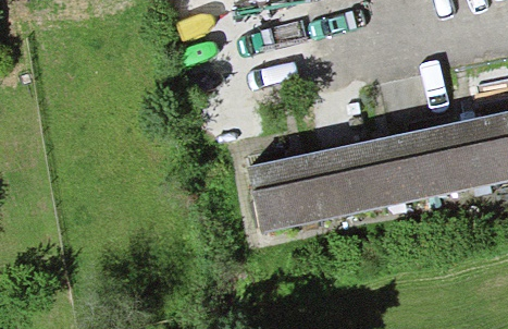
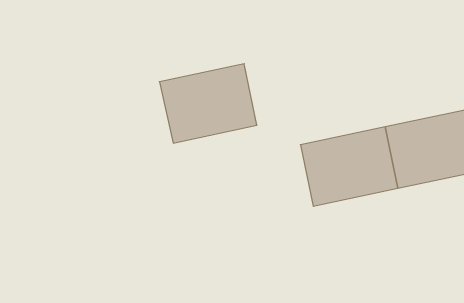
building: [246,150,346,232] -> [159,64,257,143]

